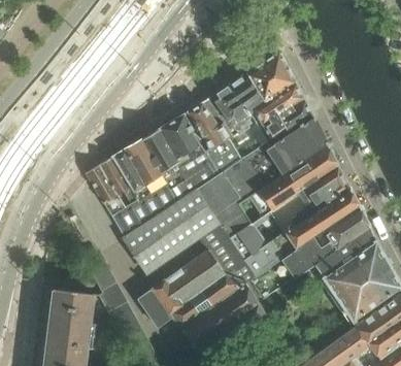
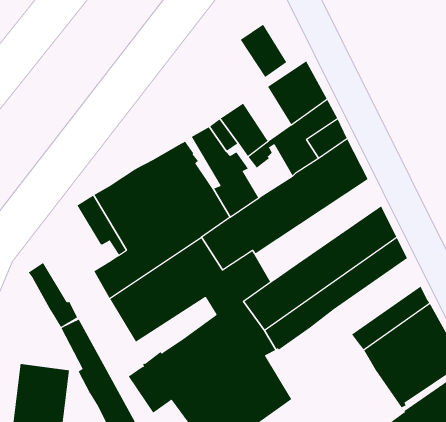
building: [229,72,266,114] -> [240,24,287,78]
building: [238,144,337,225] -> none
building: [86,165,125,217] -> [28,262,78,328]
building: [281,206,369,279] -> none

